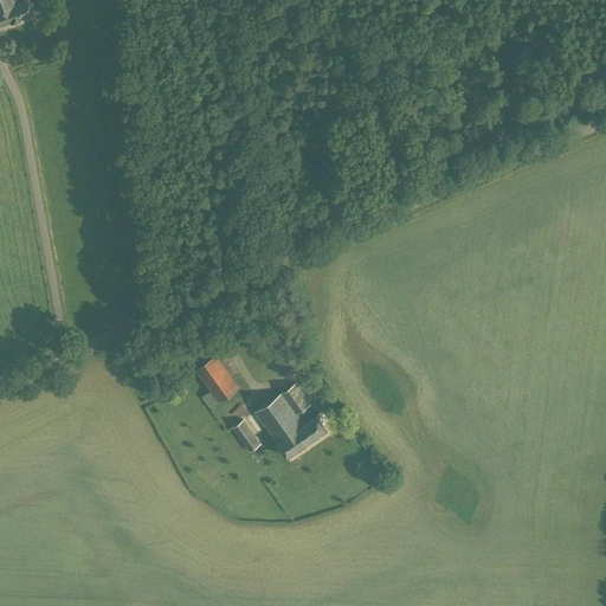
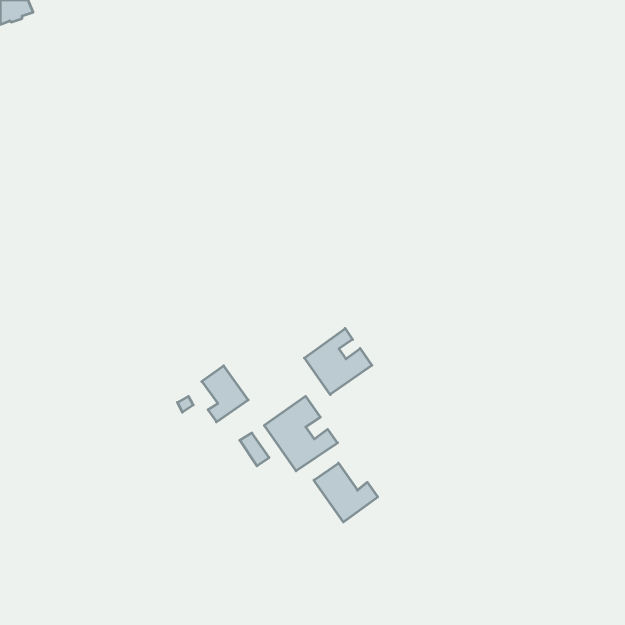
building: none -> [304,328,372,395]
building: none -> [314,463,378,522]

